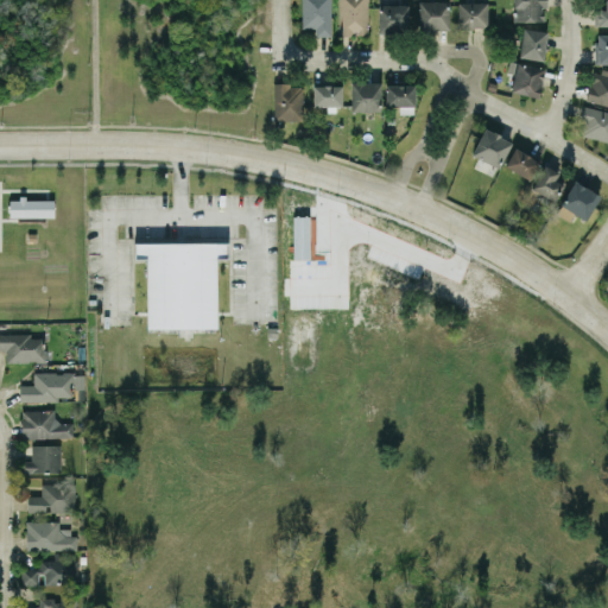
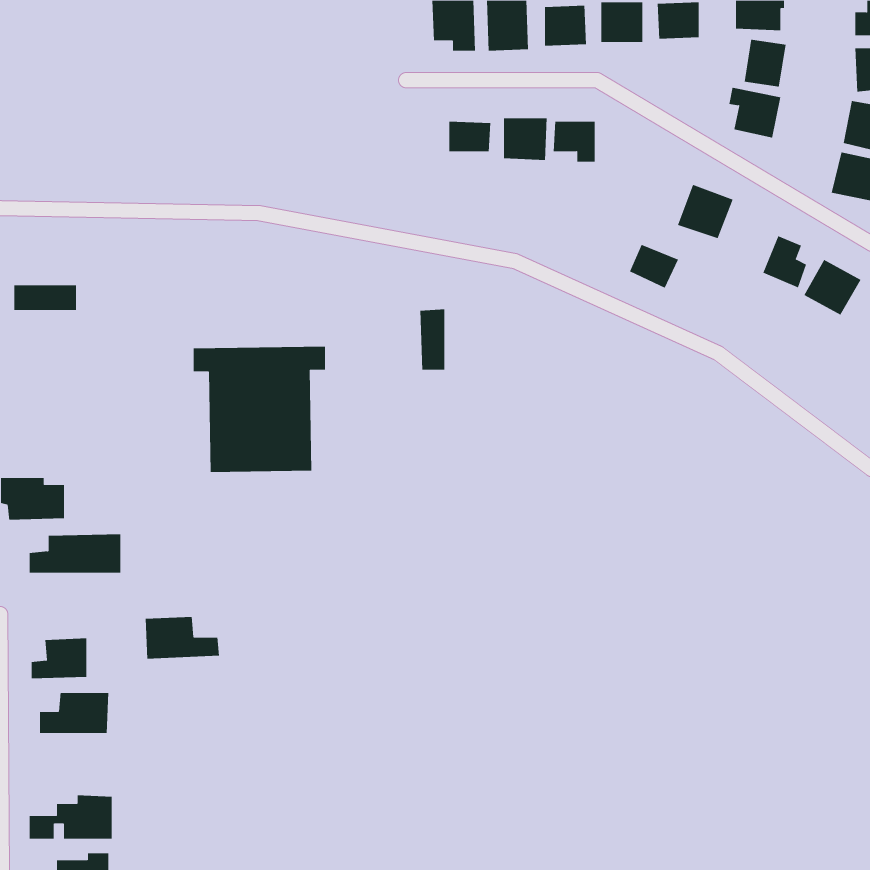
building: [274,86,304,122] -> none
building: [506,150,540,180] -> [629,244,679,289]
building: [23,410,75,439] -> [145,617,220,659]
building: [26,521,76,551] -> none

